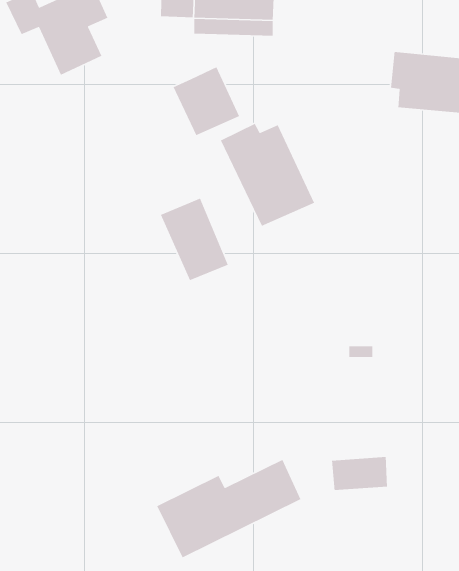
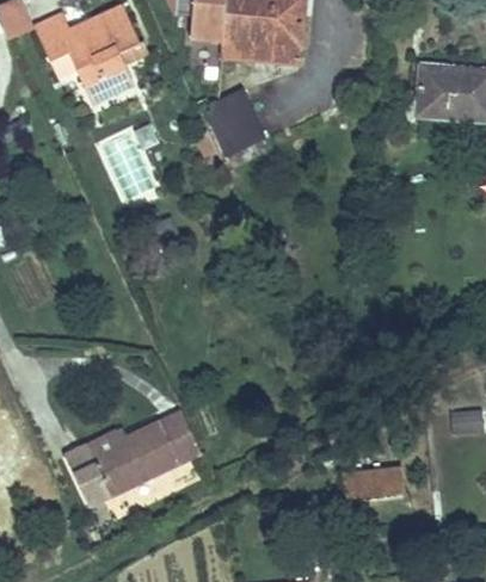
building: [220,123,315,227] -> none
building: [160,197,229,281] -> [98,122,165,203]
building: [156,459,301,559] -> [64,407,205,503]

